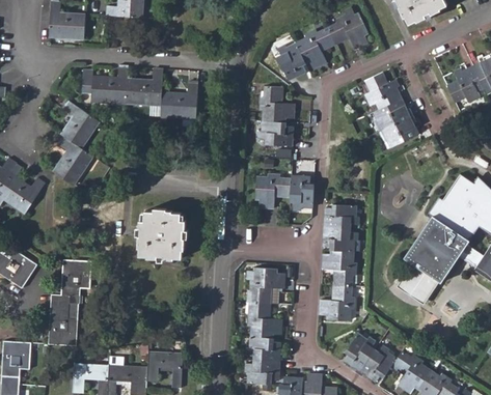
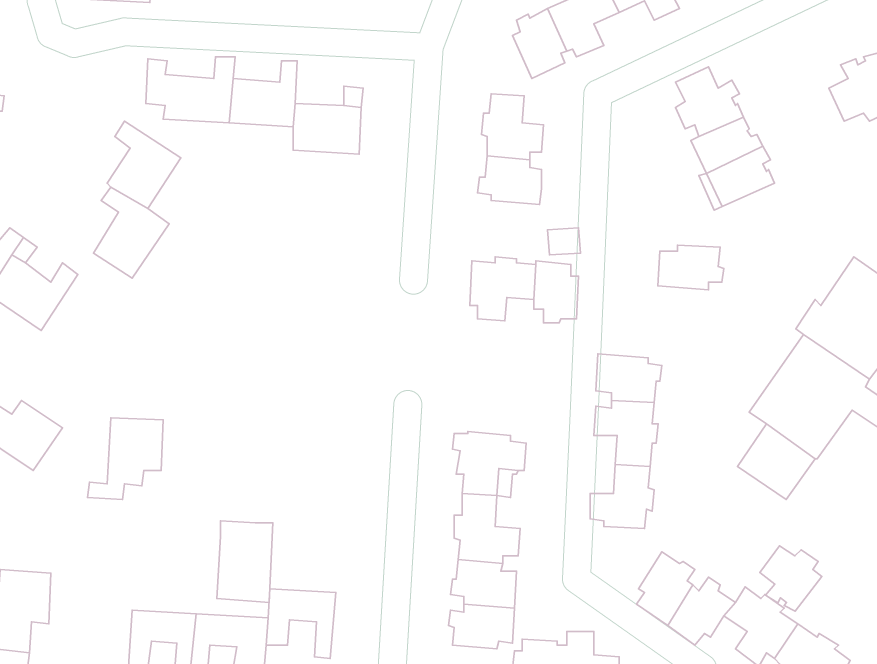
building: [324,204,359,228] -> [658,245,724,290]
building: [139,208,186,259] -> none
building: [49,303,79,346] -> [217,521,273,602]
building: none -> [760,546,822,611]

